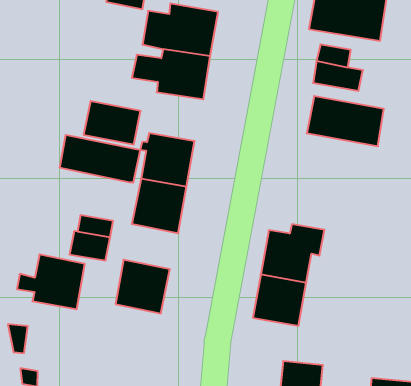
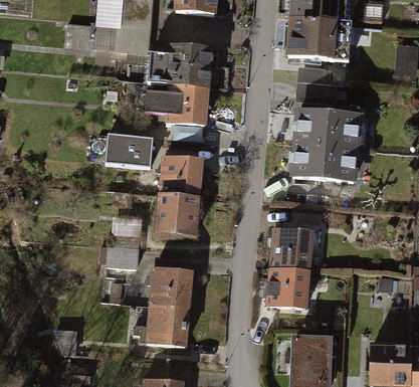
building: none -> [293,144,358,182]
building: [60,135,140,183] -> none
building: [17,254,85,309] -> [133,305,188,348]

